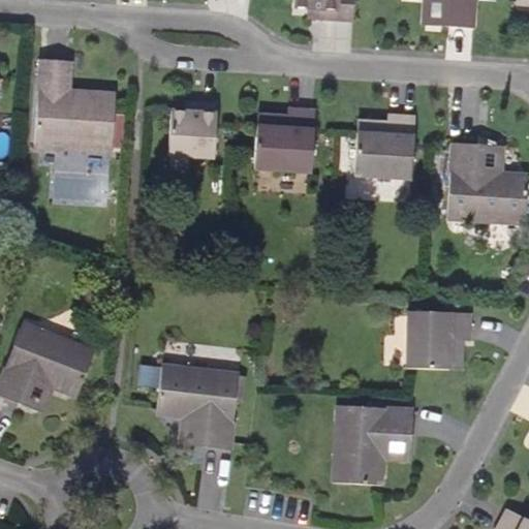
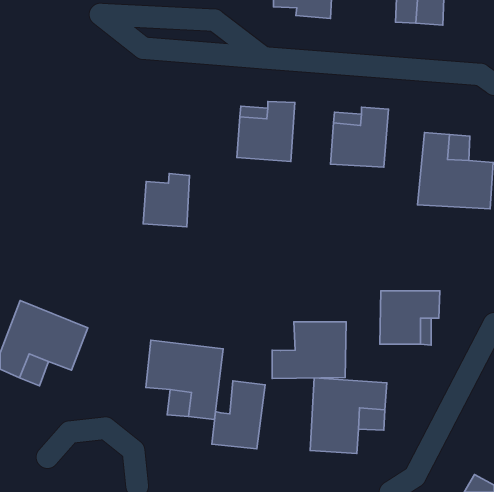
building: [34,58,115,152] -> none
building: [167,101,217,158] -> [143,174,190,227]
building: none -> [272,322,346,378]
building: none -> [212,381,265,449]

